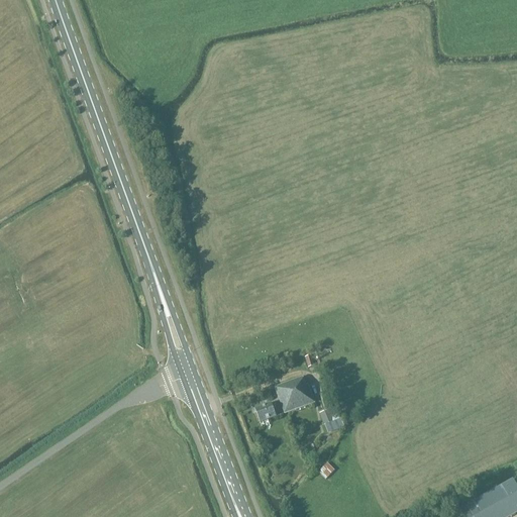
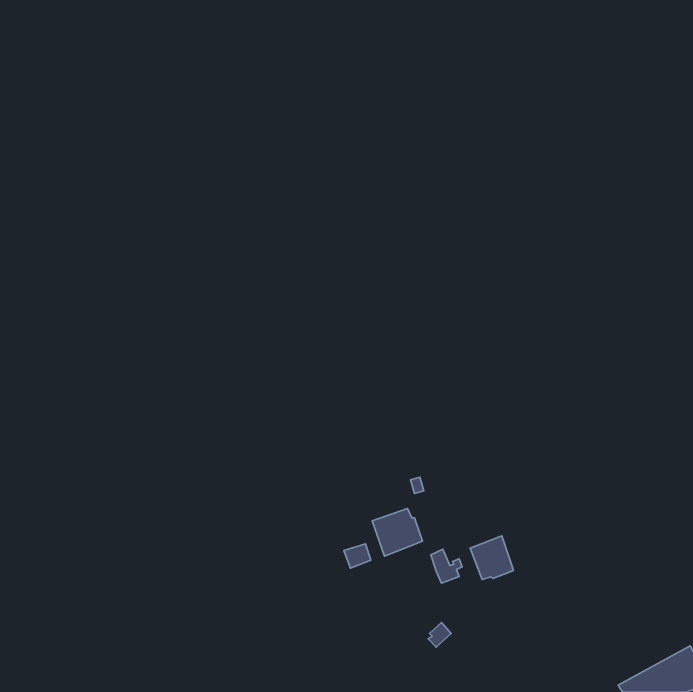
building: none -> [470,536,514,580]

